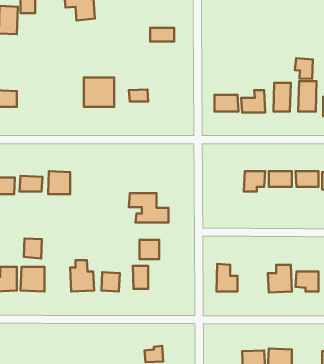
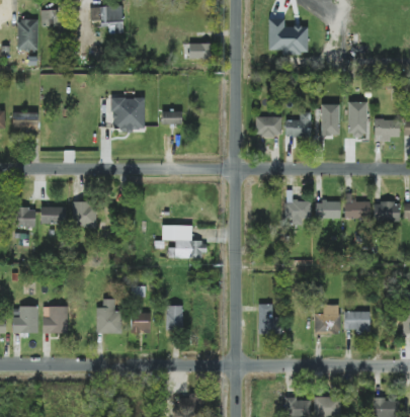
building: none -> [267,18,308,54]
building: [295,58,313,79] -> none
building: [24,238,42,259] -> none
building: [139,240,159,259] -> none

